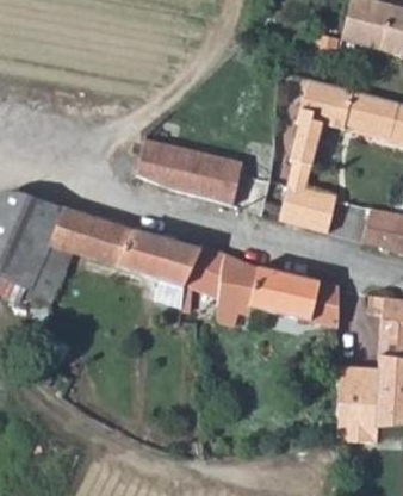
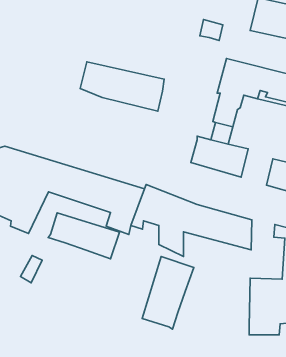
building: [136,141,246,205] -> [80,62,164,111]
building: none -> [48,213,119,259]
building: none -> [142,256,194,329]

